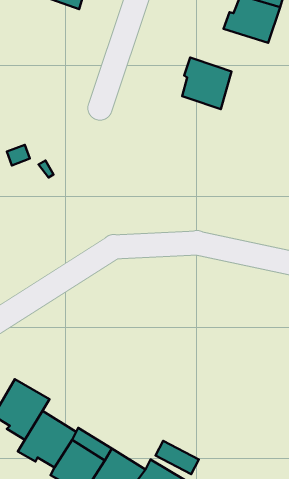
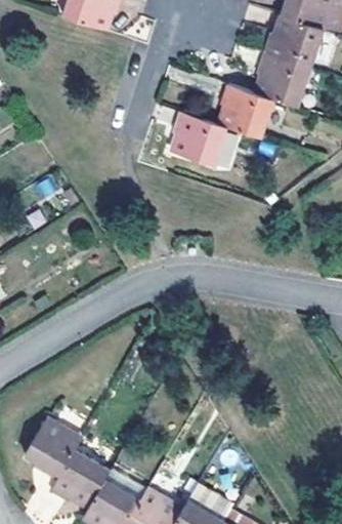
building: none -> [254,55,307,108]
building: none -> [172,113,224,166]

